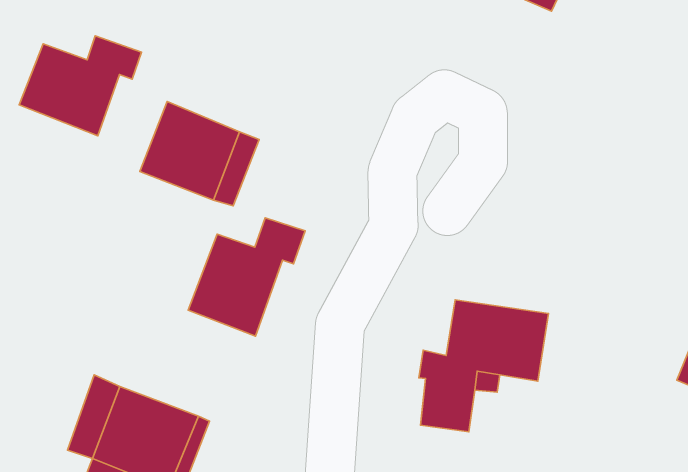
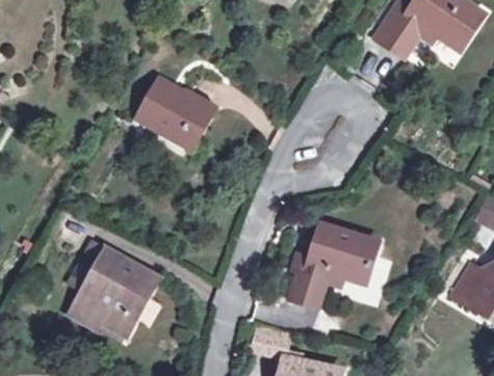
building: [19,36,142,136] -> none
building: [188,218,305,336] -> none

